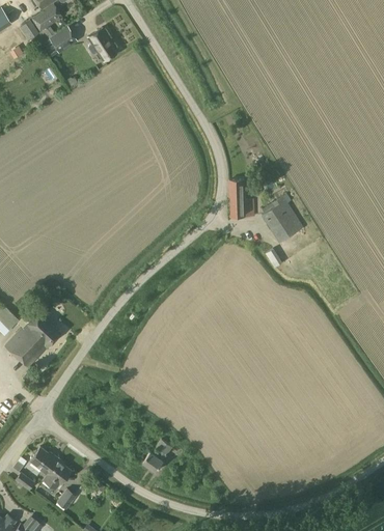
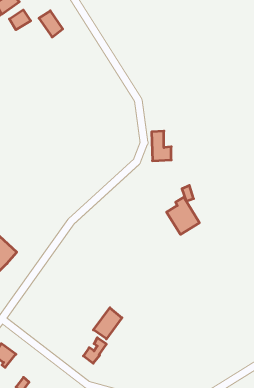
building: [262,195,303,242] -> [167,197,199,234]
building: none -> [93,308,122,339]
building: [43,459,72,488] -> none

